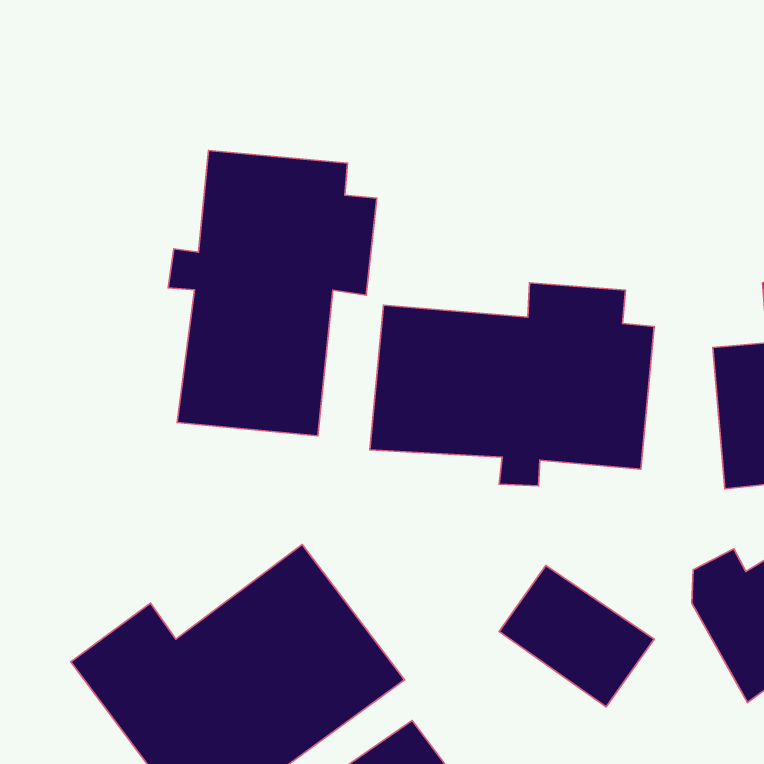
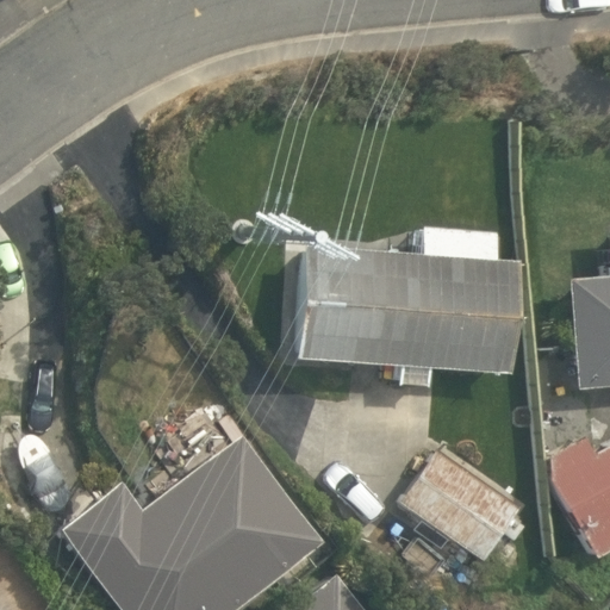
building: [168,150,377,436] -> none

